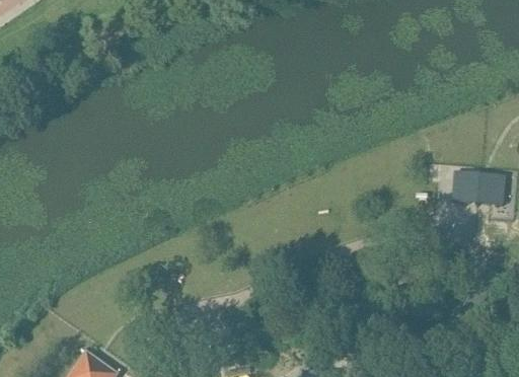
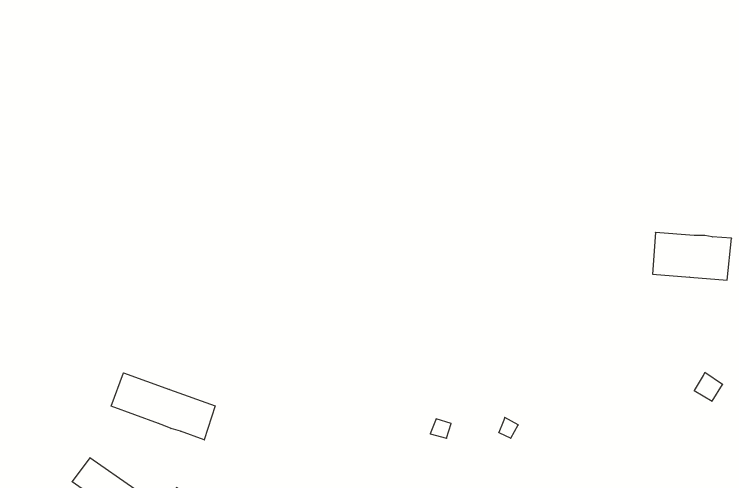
building: none -> [111,373,215,440]

